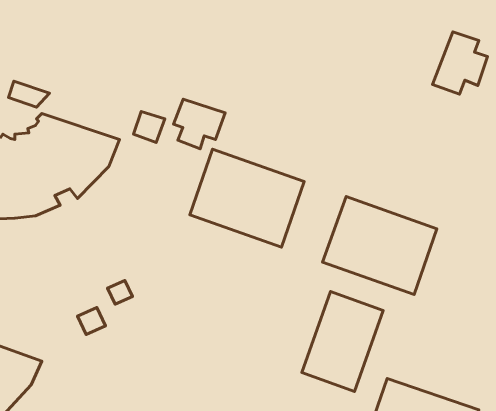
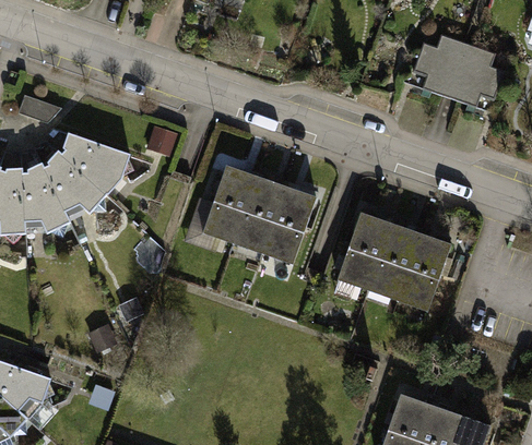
building: none -> [413,34,469,98]
building: [174,99,225,149] -> none
building: [302,291,383,391] -> none

